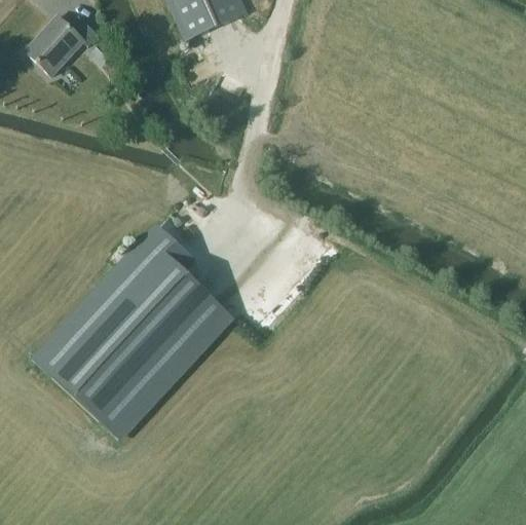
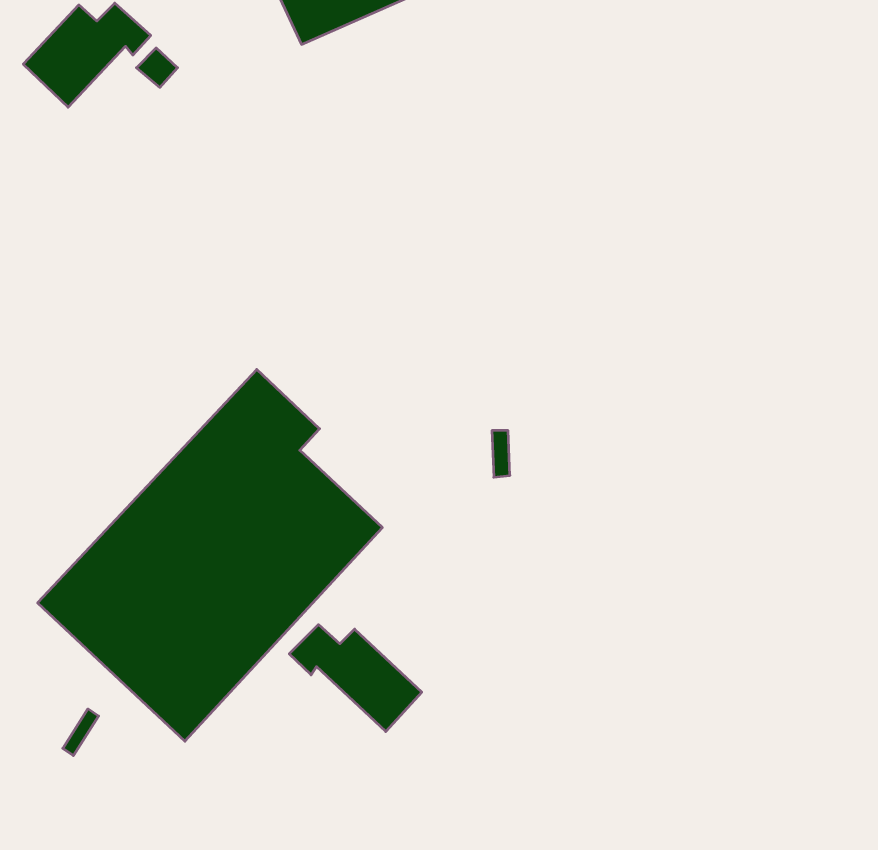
building: none -> [289,625,422,732]

